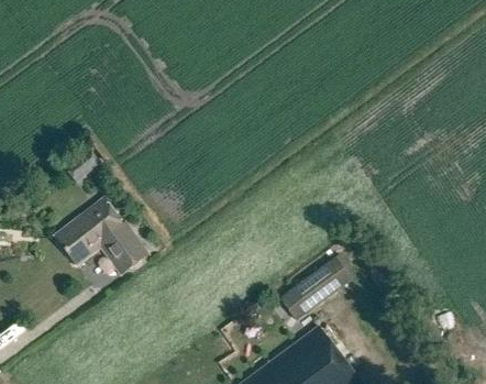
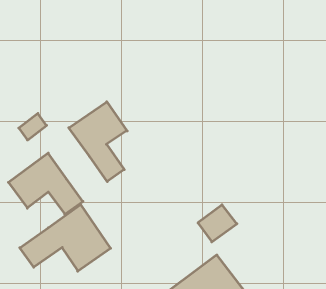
building: none -> [69,102,127,182]
building: none -> [20,204,111,271]

